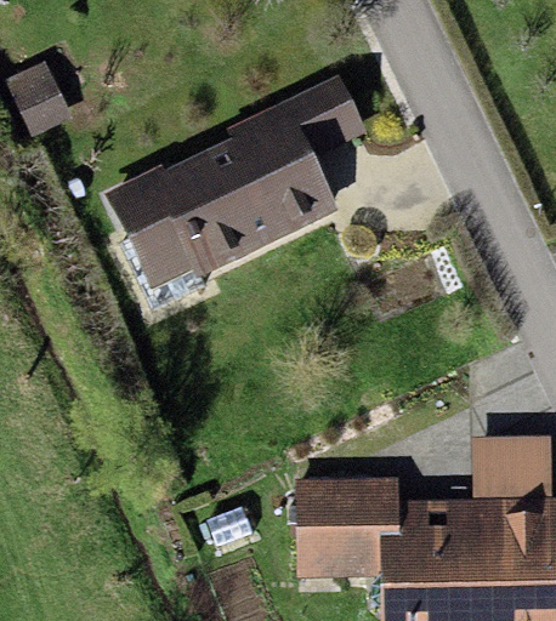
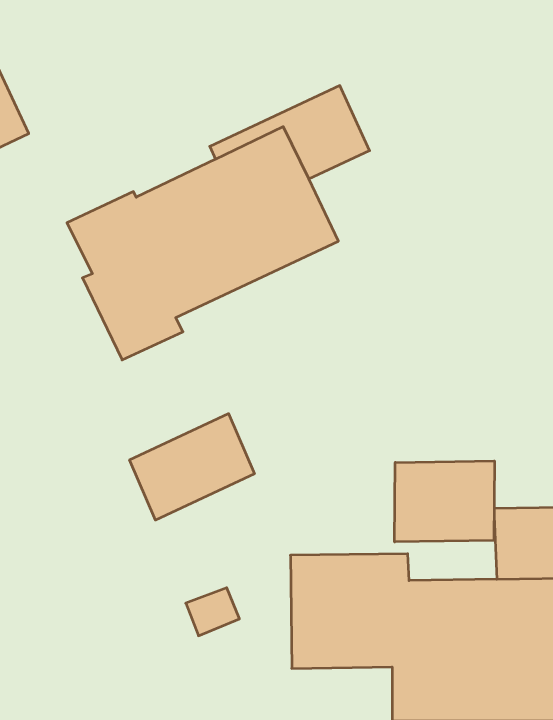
building: none -> [130,414,254,520]
building: none -> [395,461,494,542]

